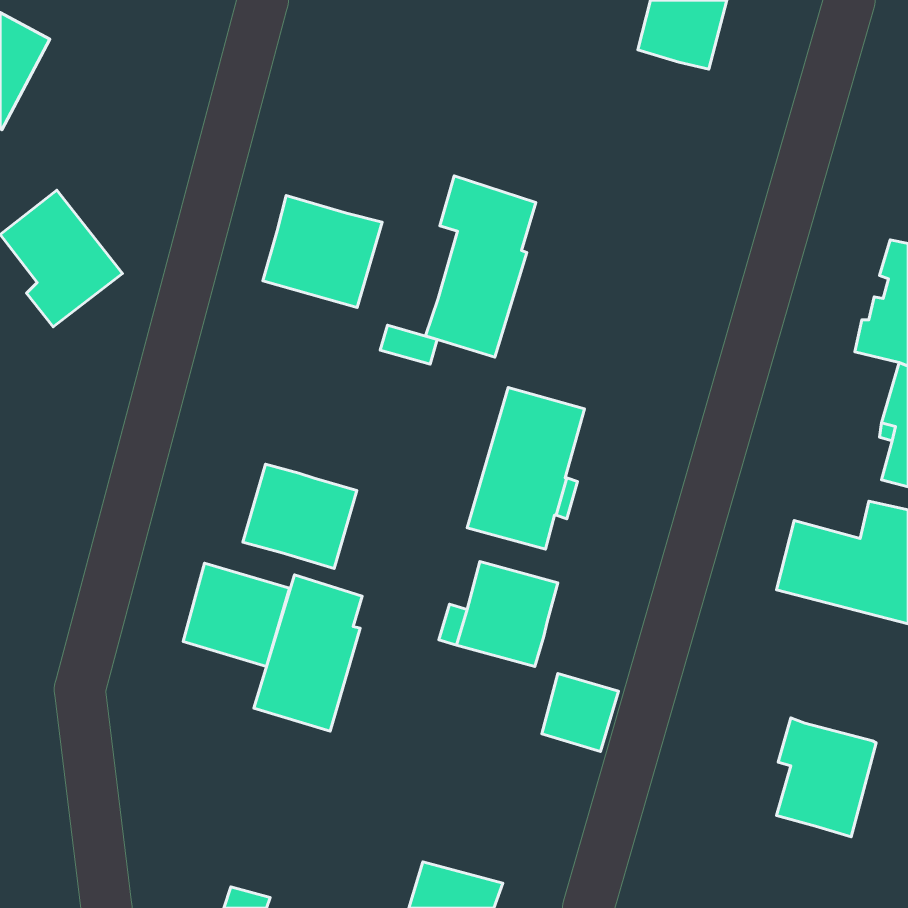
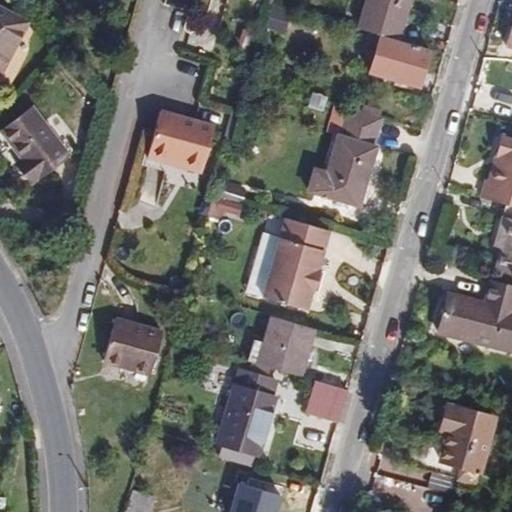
building: none -> [372,35,430,86]
building: [426,176,536,357] -> [320,104,382,206]
building: [243,464,357,569] -> none
building: [254,575,362,731] -> [216,368,277,456]

